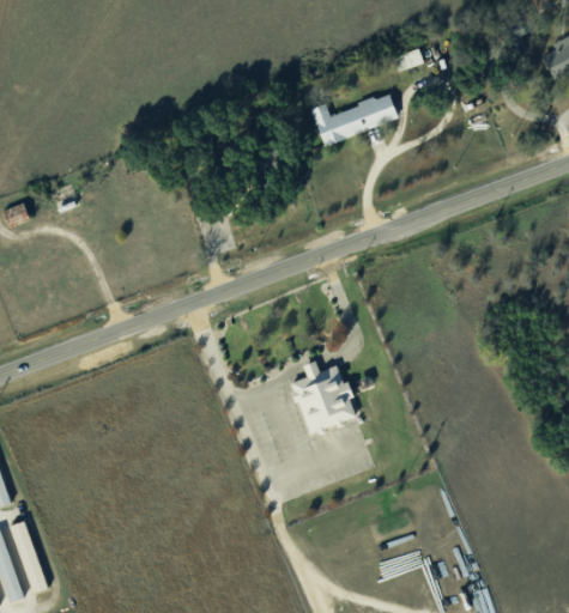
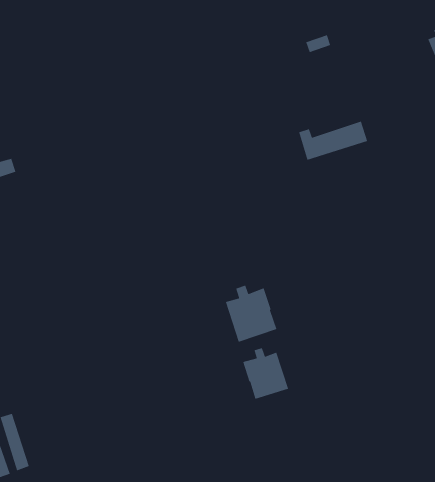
building: [310,93,398,144] -> [298,120,368,161]
building: none -> [242,347,289,400]

